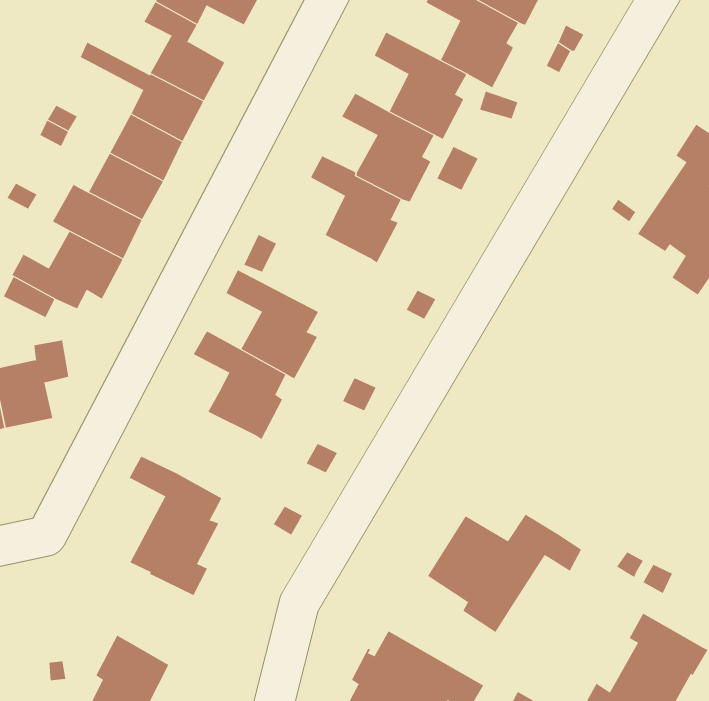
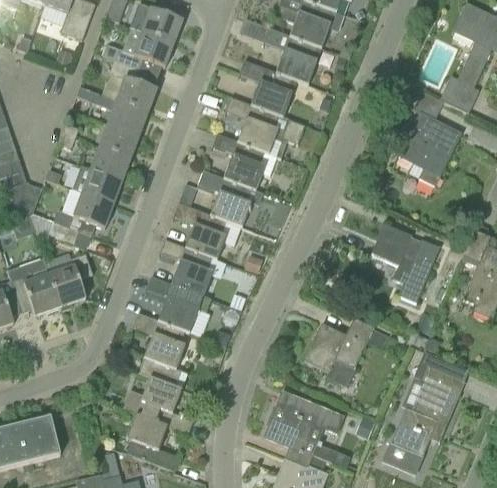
building: none -> [197,171,250,228]
building: none -> [370,224,438,303]
building: none -> [145,276,198,332]
building: none -> [122,378,194,435]

